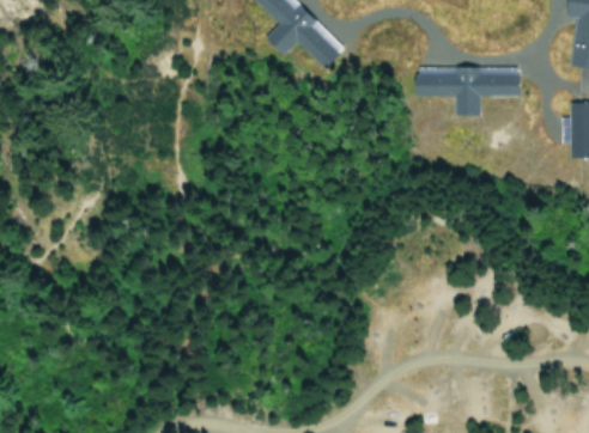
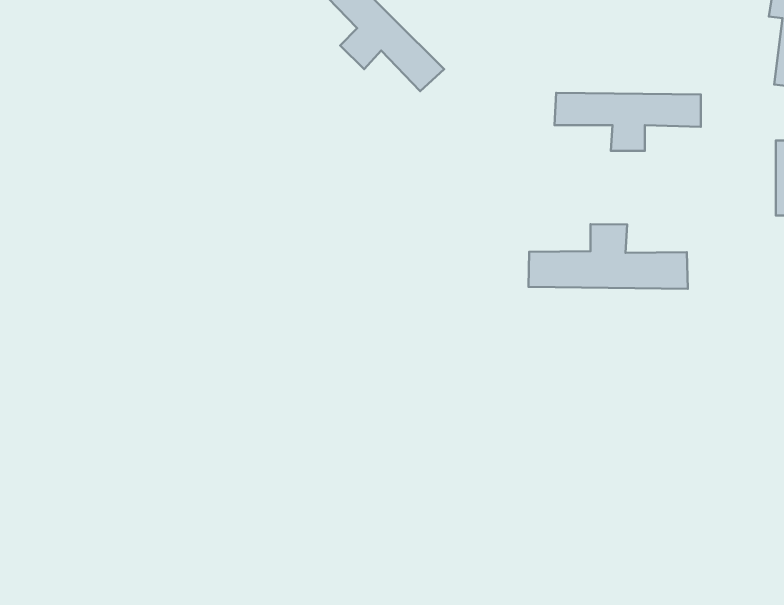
building: none -> [529,224,688,289]

